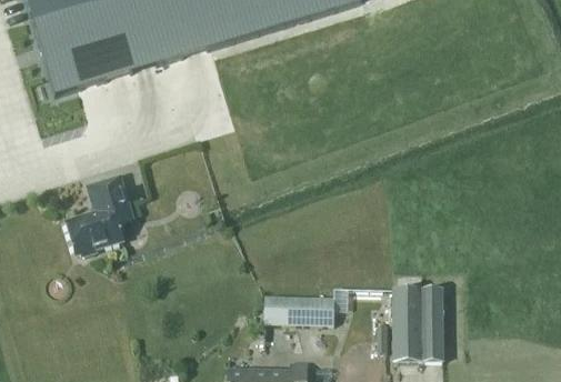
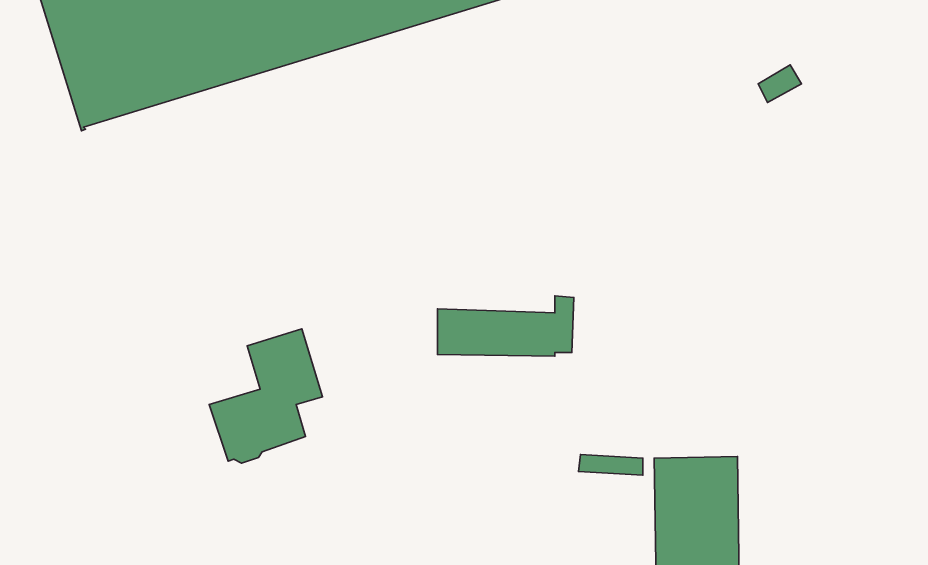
building: [66,175,132,254] -> [209,329,323,463]
building: [264,288,344,323] -> [438,296,574,356]

